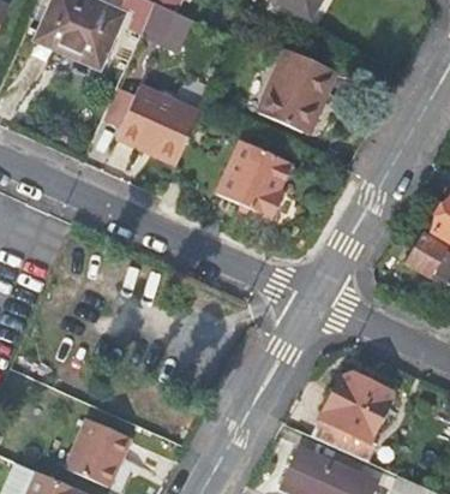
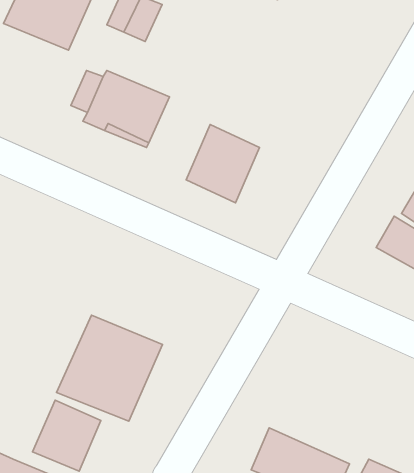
building: [257,48,335,131] -> none
building: none -> [57,315,162,421]
building: [313,371,395,462] -> none

